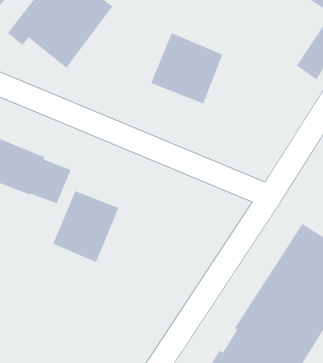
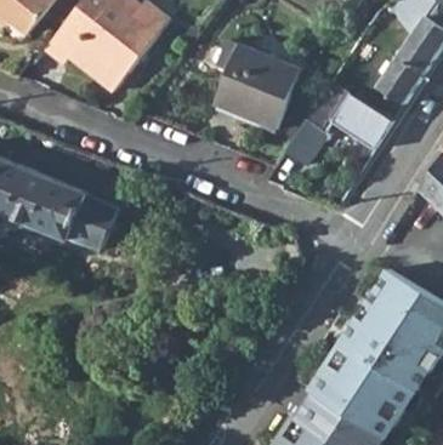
building: none -> [285,79,393,162]
building: [52,190,119,263] -> none

